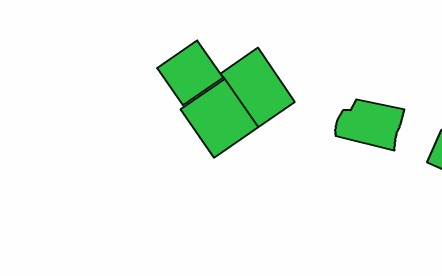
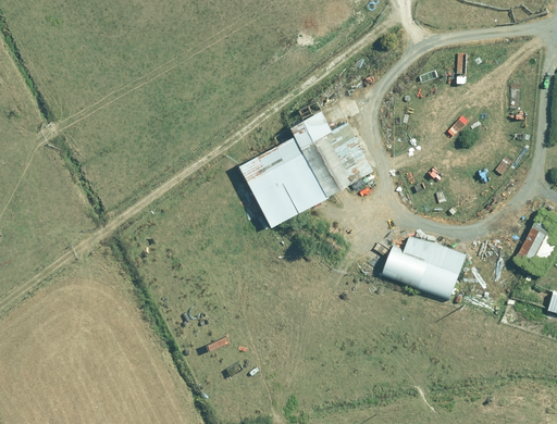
building: [157,40,223,105] -> none
building: [335,100,404,150] -> [384,237,468,301]

